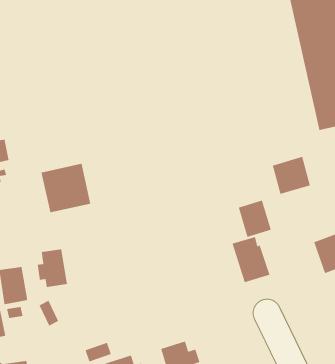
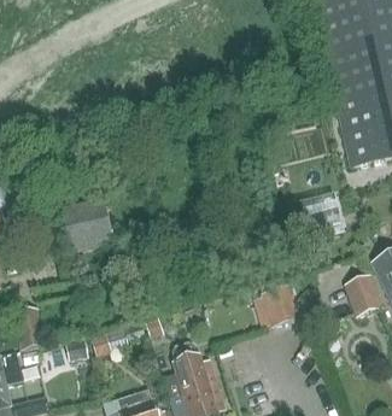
building: [238,199,272,238] -> none
building: [37,248,68,288] -> none
building: none -> [171,341,213,394]

